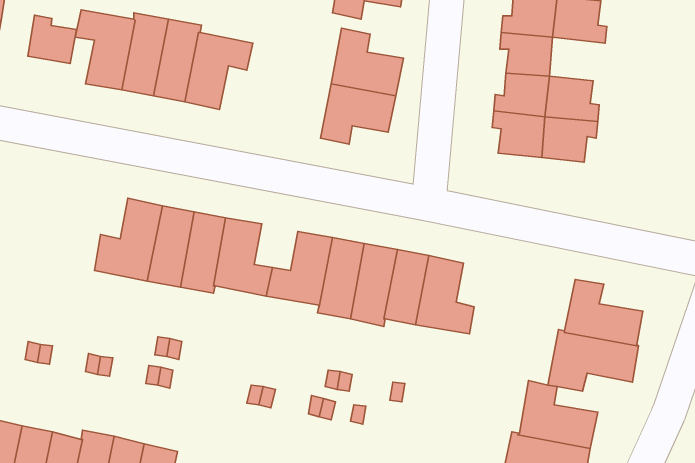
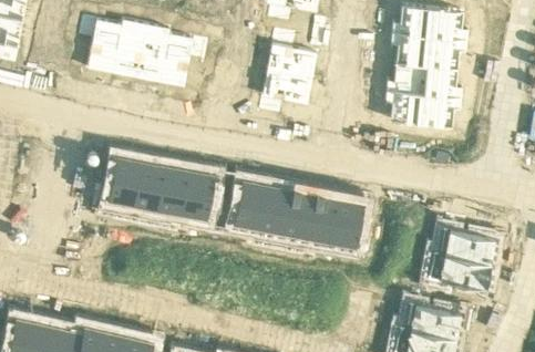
building: [28,15,76,64] -> none
building: none -> [426,37,467,69]

